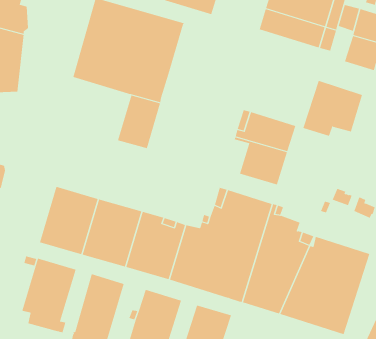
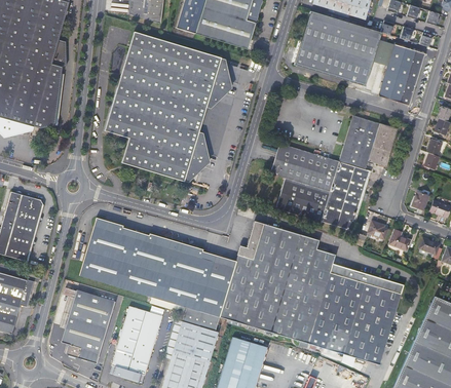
building: none -> [205,59,227,108]
building: none -> [104,111,167,173]
building: none -> [184,137,205,182]
building: none -> [312,159,369,230]

